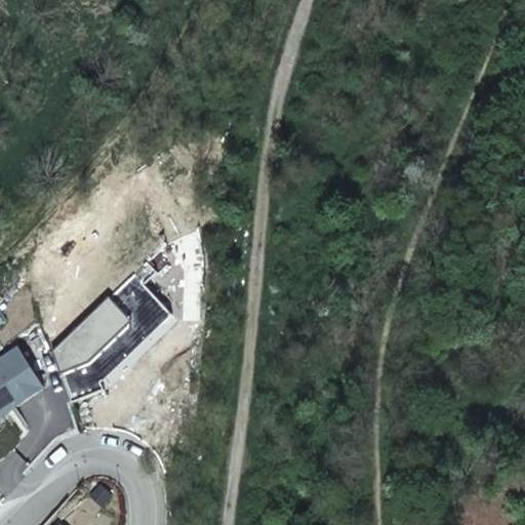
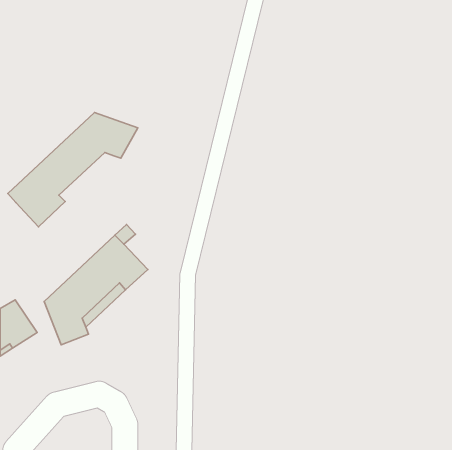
building: none -> [8,113,138,227]

